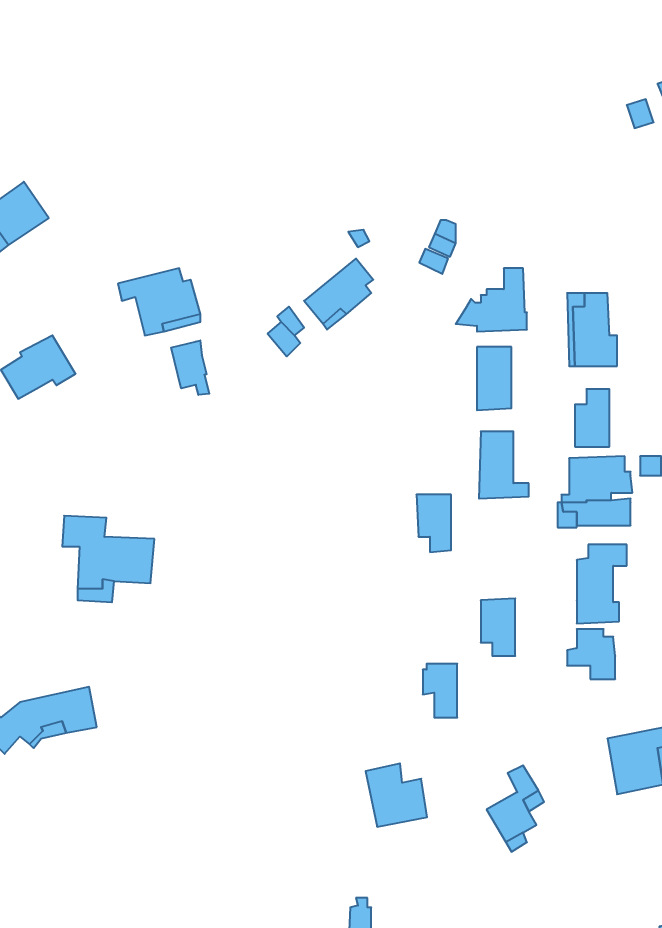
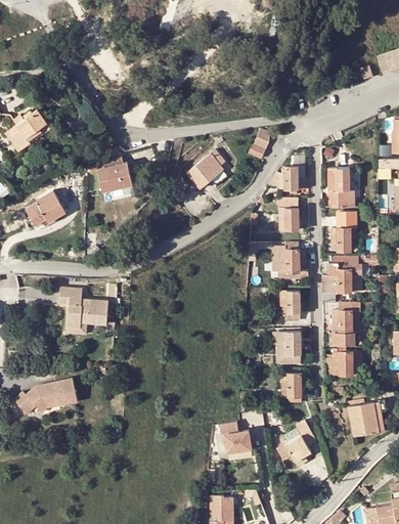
building: [171,340,209,395] -> none
building: [416,495,451,552] -> [280,291,299,321]
building: [423,664,457,718] -> [282,374,301,402]

